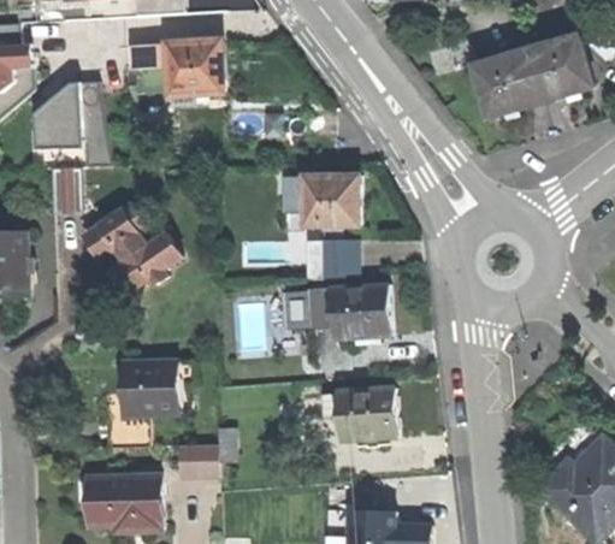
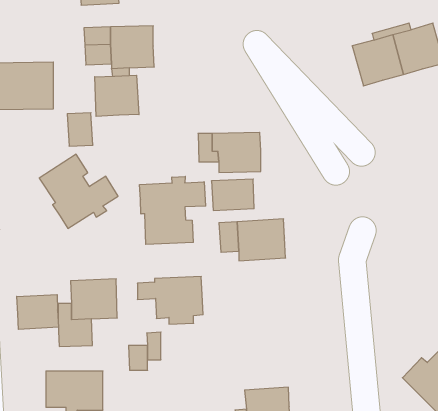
building: none -> [95,75,139,116]
building: [48,168,81,211] -> [67,113,93,146]
building: none -> [140,176,206,244]
building: none -> [17,295,58,329]
building: [317,388,400,448] -> [137,277,203,324]

